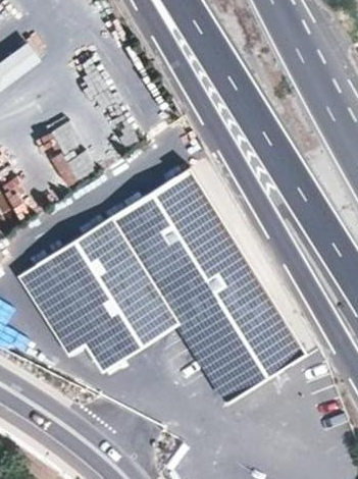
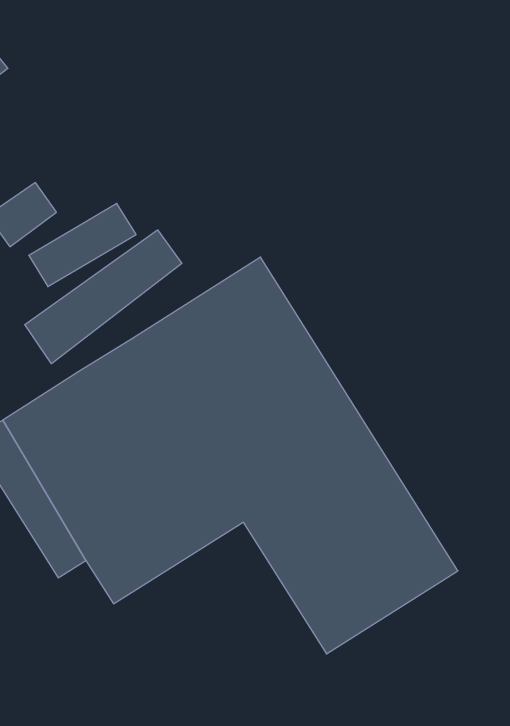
building: none -> [25,230,182,364]

